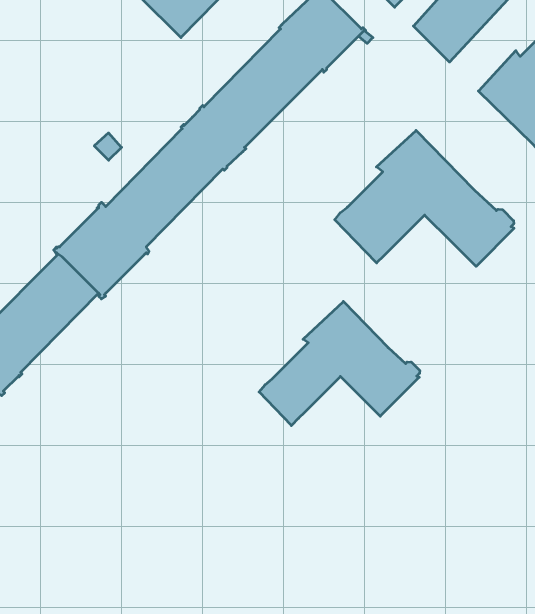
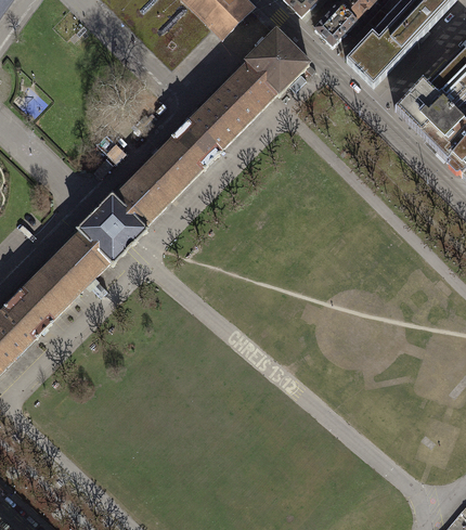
building: [335,130,514,266] -> none
building: [259,301,420,426] -> none

